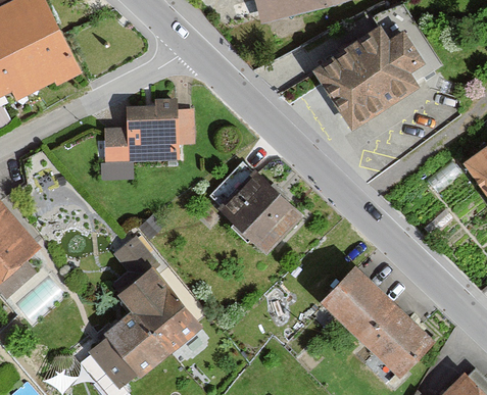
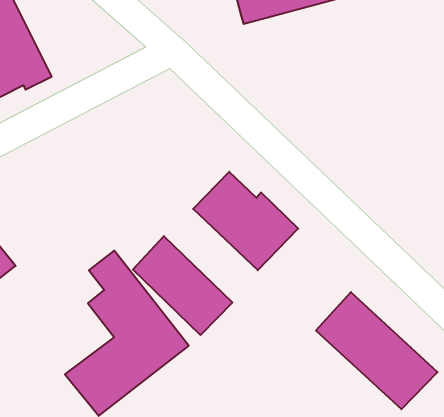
building: [308,26,423,132] -> none
building: [105,107,193,160] -> none
building: none -> [133,236,232,335]

